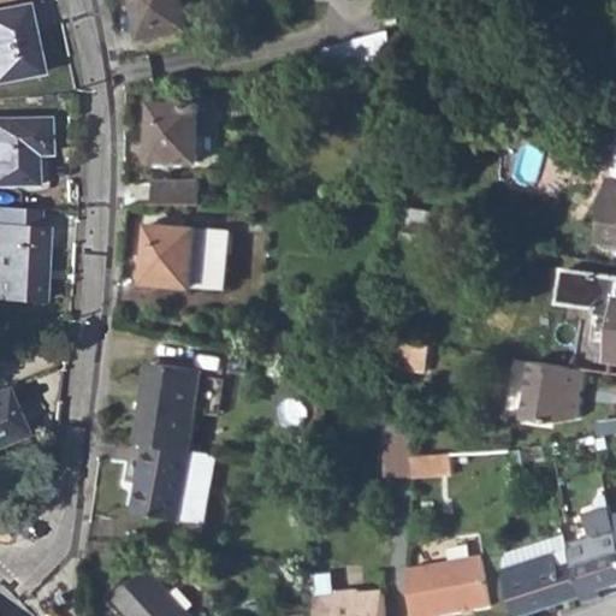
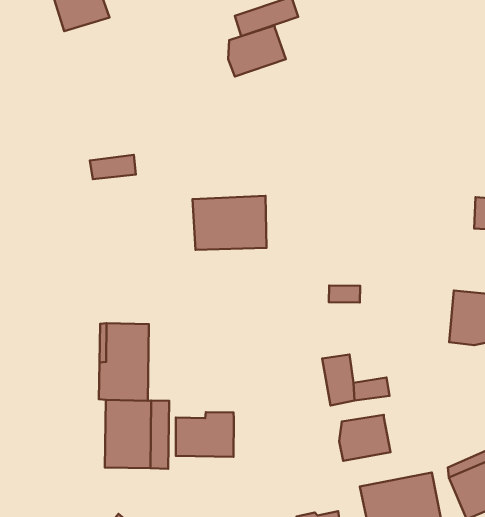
building: none -> [228,25,286,77]
building: [148,102,197,161] -> none
building: [143,225,225,286] -> [193,196,266,250]
building: none -> [176,412,234,457]
building: none -> [339,415,390,461]

